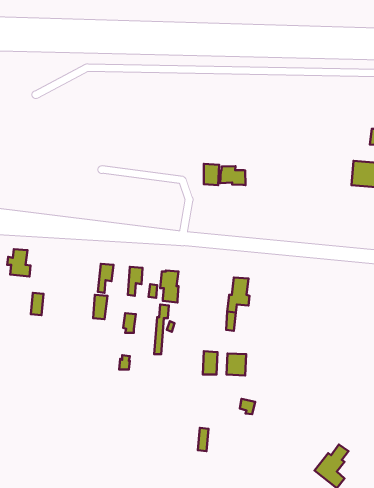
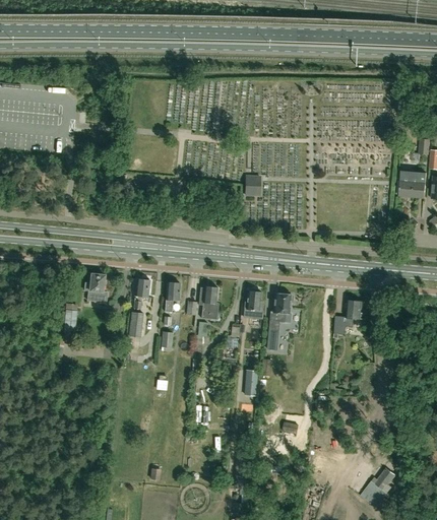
building: [220,166,245,185] -> none
building: [7,249,30,276] -> [84,273,109,302]
building: none -> [244,289,264,318]
building: none -> [334,299,363,337]
building: [226,353,246,375] -> none

